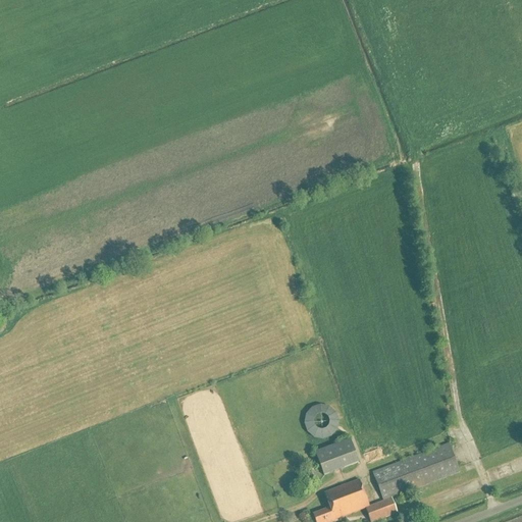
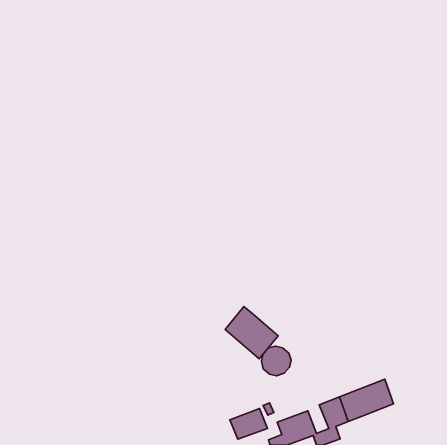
building: none -> [225,306,278,359]
building: [314,437,358,473] -> [230,408,267,439]

